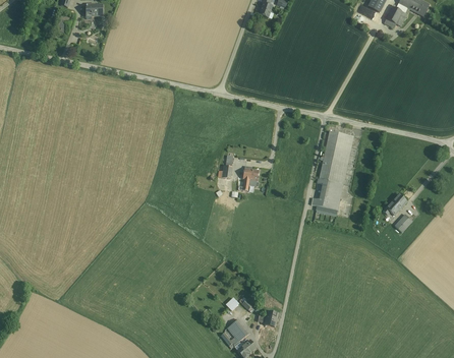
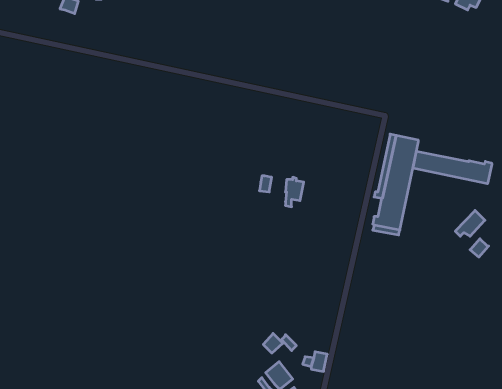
building: none -> [413,151,492,184]

